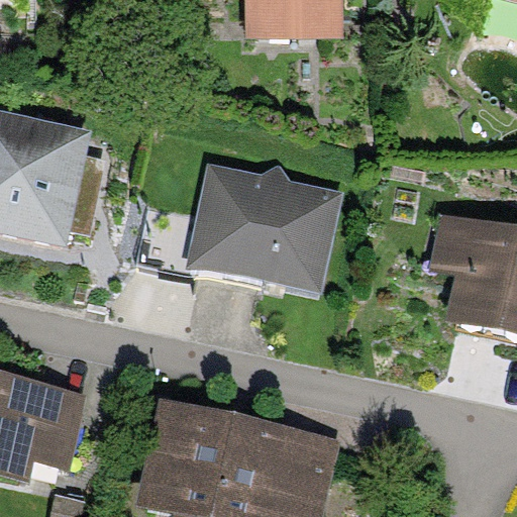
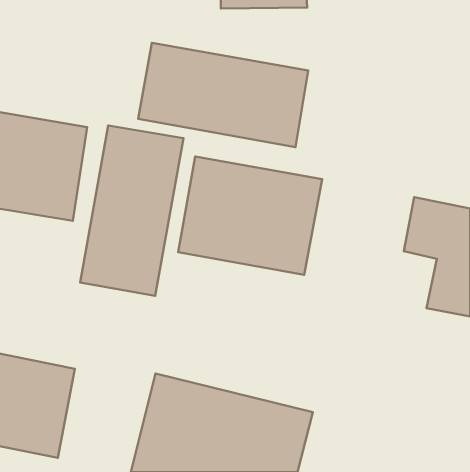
building: none -> [138,43,308,147]
building: none -> [80,126,183,296]

